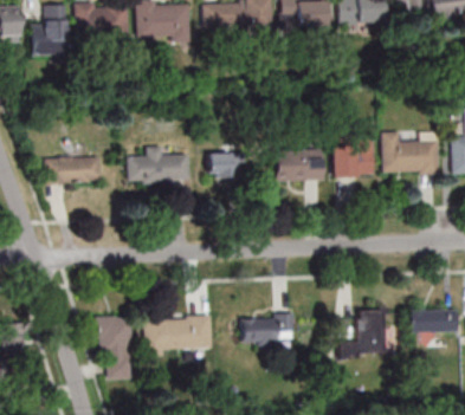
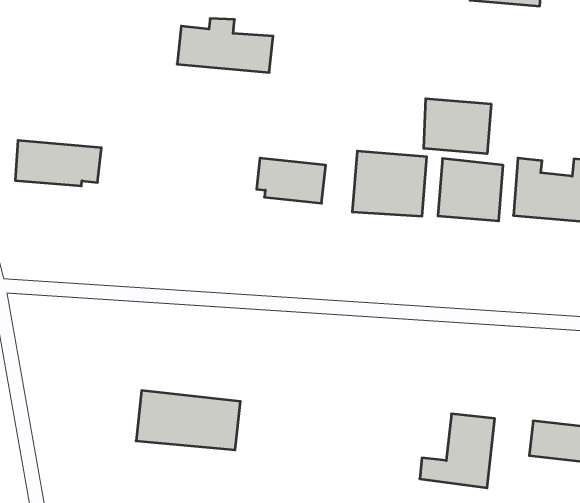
building: none -> [424,99,491,154]
building: [127,145,189,180] -> [177,19,273,72]
building: [96,315,134,378] -> none
building: [243,316,295,344] -> none

